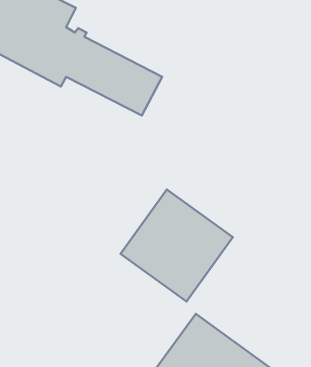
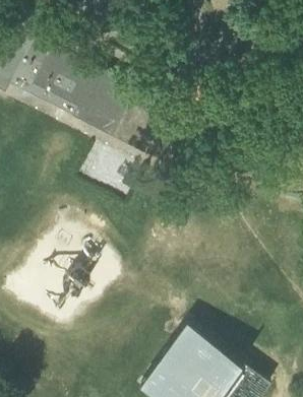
building: [120,189,233,302] -> none

